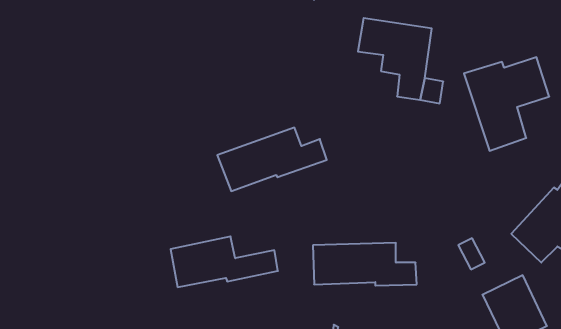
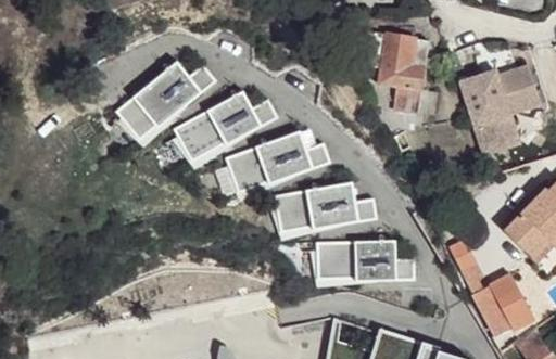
building: none -> [115,62,215,140]
building: none -> [174,92,277,161]
building: [171,236,278,287] -> [275,185,376,233]

